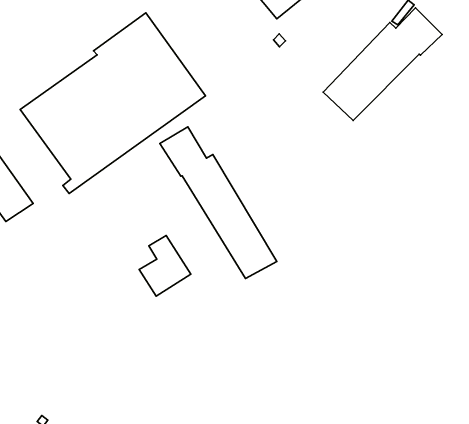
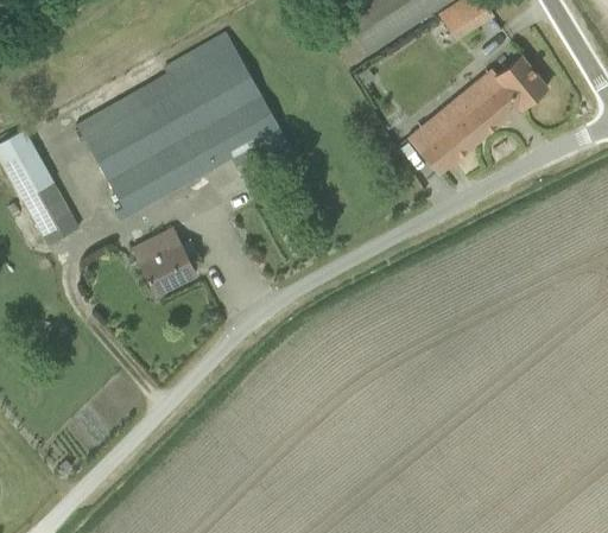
building: [160,127,277,279] -> none
building: [139,235,191,296] -> [139,229,195,294]

